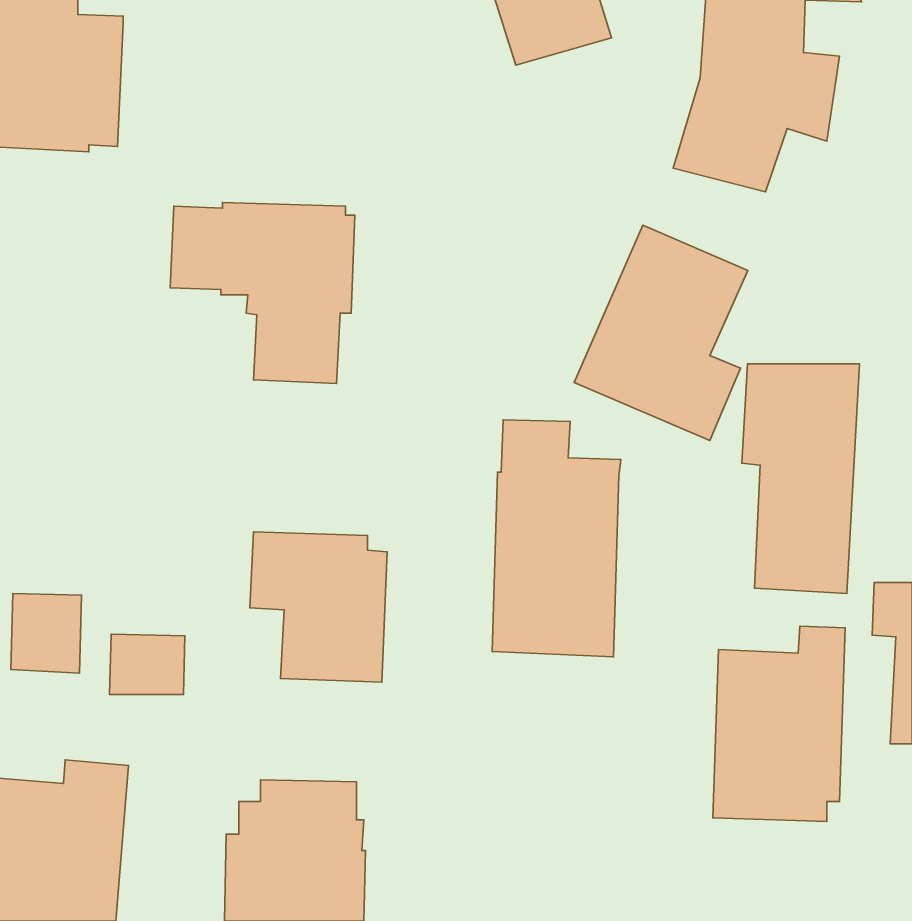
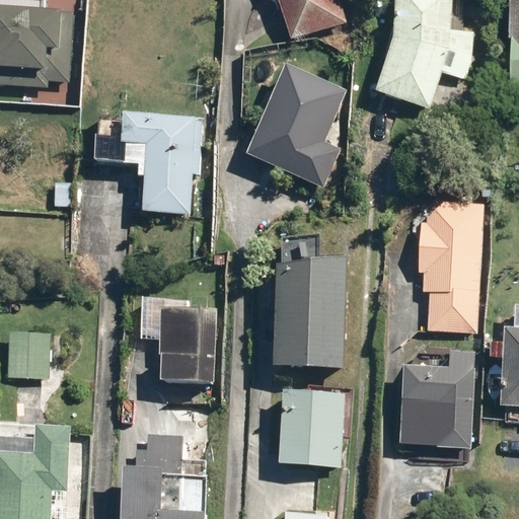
building: [574,225,748,441] -> [248,66,346,187]
building: [110,634,185,695] -> none
building: none -> [281,390,344,466]

